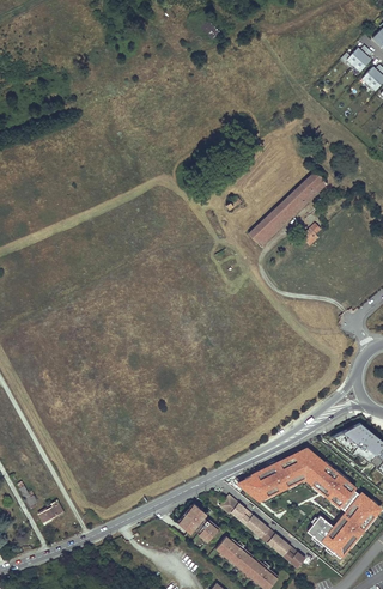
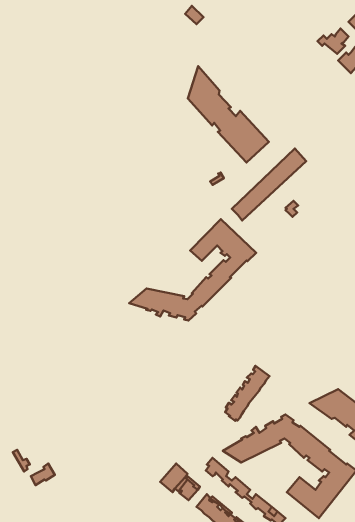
building: none -> [188,66,269,162]
building: none -> [129,219,256,321]
building: none -> [225,366,269,421]

